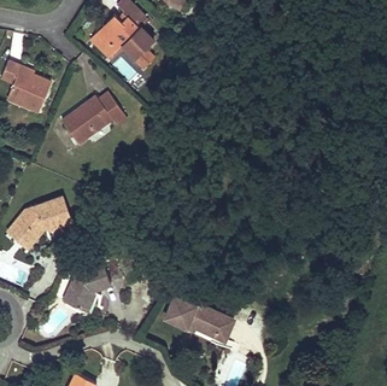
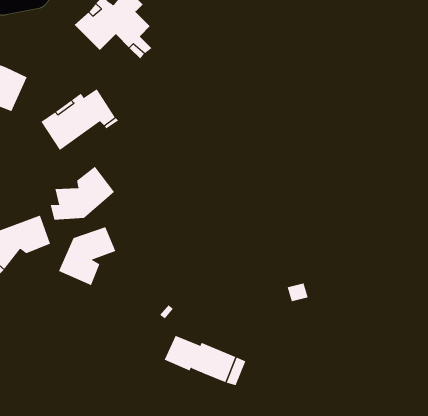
building: none -> [50,166,115,221]
building: [63,263,111,312] -> [58,226,116,286]

